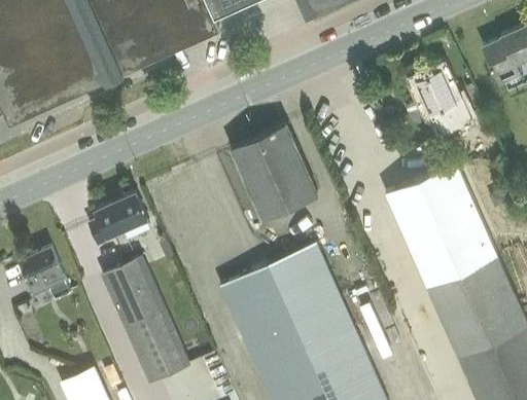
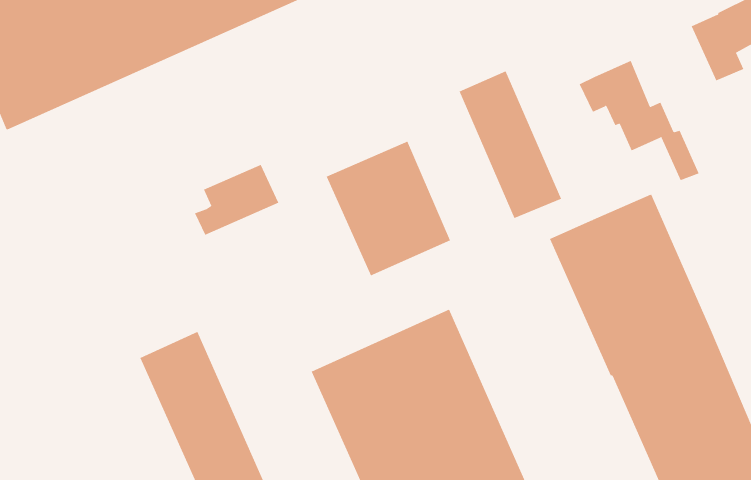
building: none -> [459,70,562,219]
building: [89,193,147,243] -> [194,164,279,236]
building: [20,249,71,301] -> none

